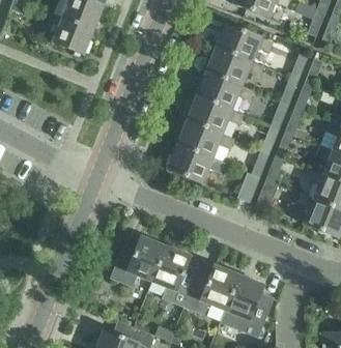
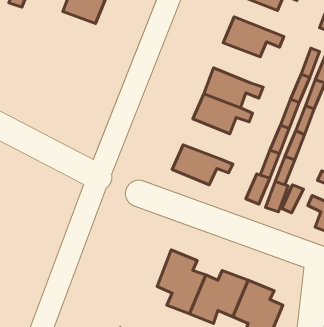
building: [53,18,93,54] -> none
building: [206,48,263,86] -> none
building: [177,120,234,158] -> none
building: [110,236,166,287] -> none

